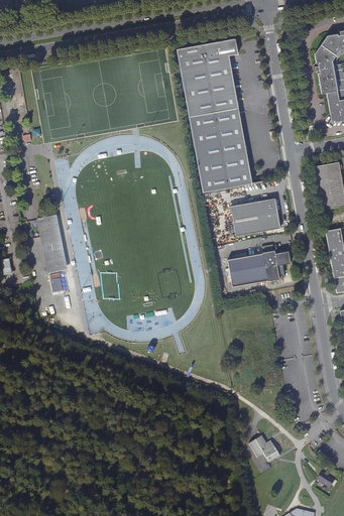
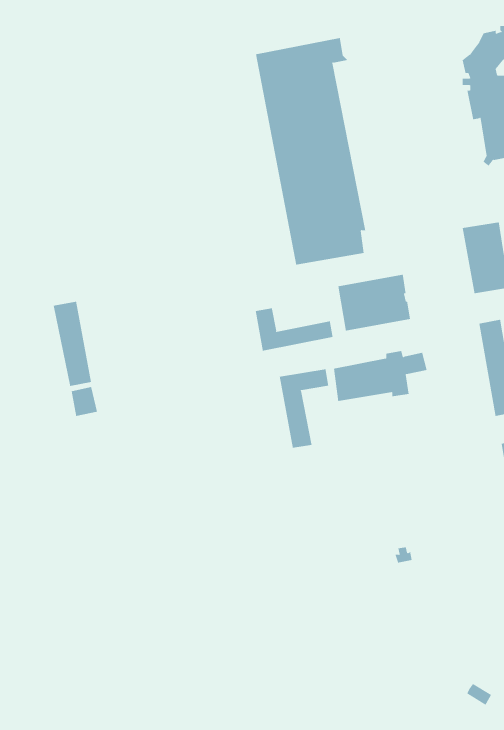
building: none -> [255,308,333,351]
building: none -> [279,368,329,449]
building: [250,437,280,463] -> none

